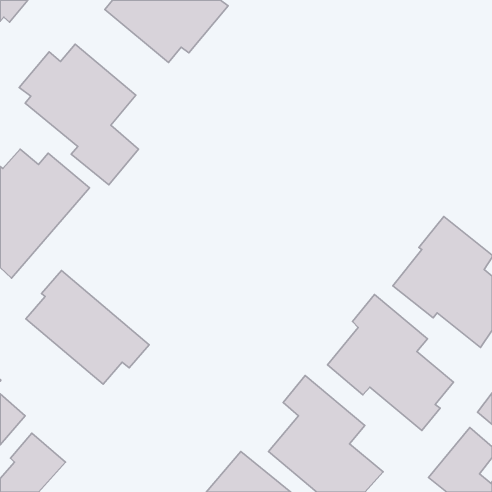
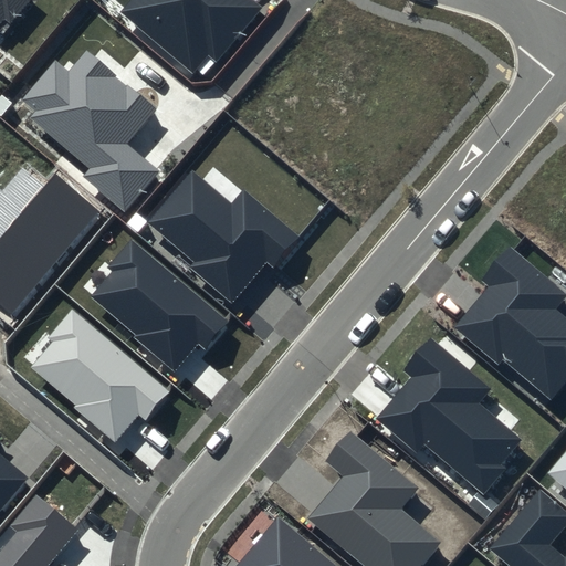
building: none -> [149,171,304,303]
building: none -> [90,239,230,369]

